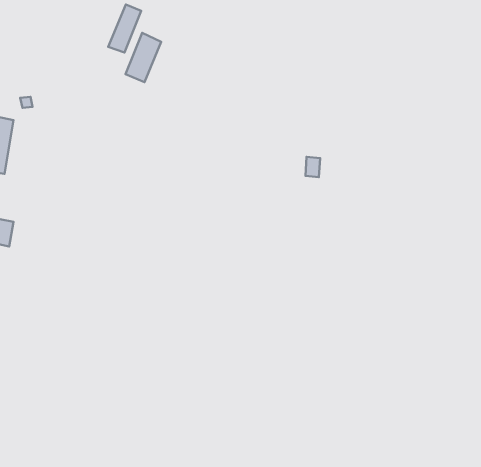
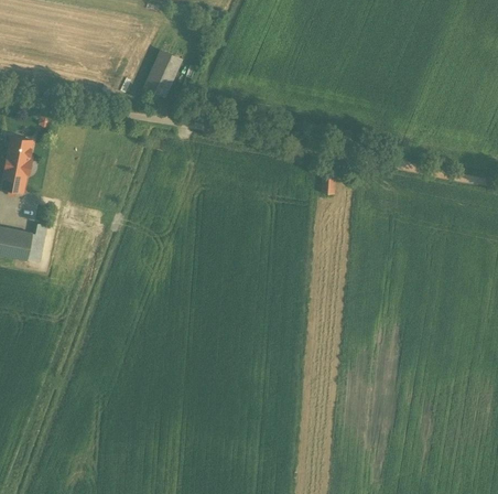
building: [108,5,141,52] -> none

